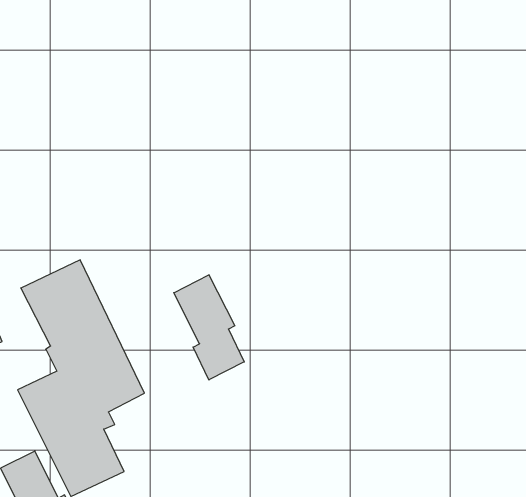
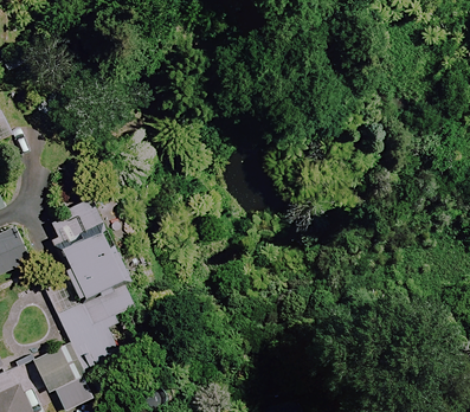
building: [174,275,244,380] -> none

